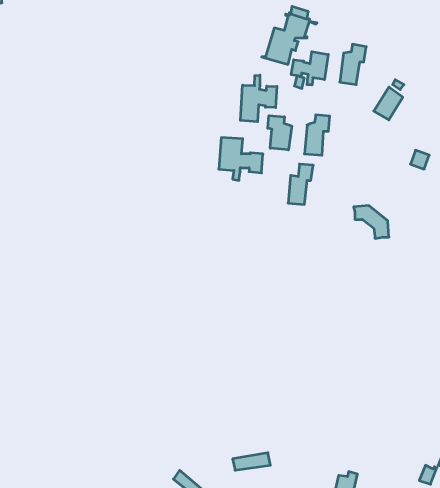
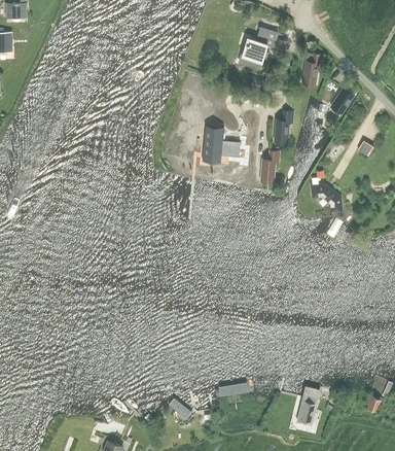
building: [291,52,328,85] -> none
building: [240,75,277,122] -> none
building: [268,116,292,150] -> none

